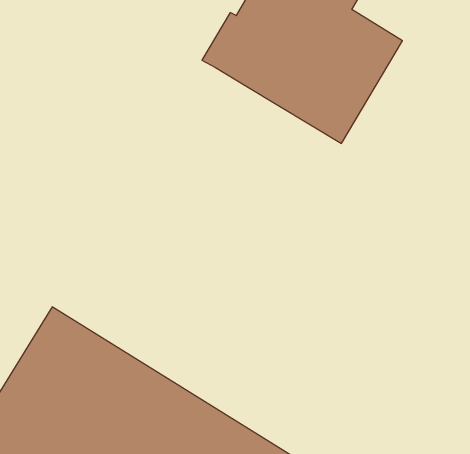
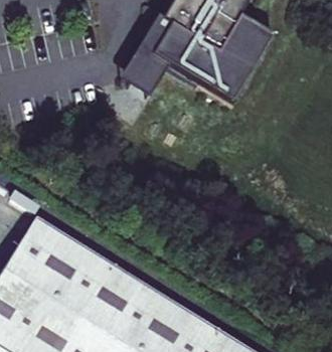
building: none -> [121,49,168,97]

